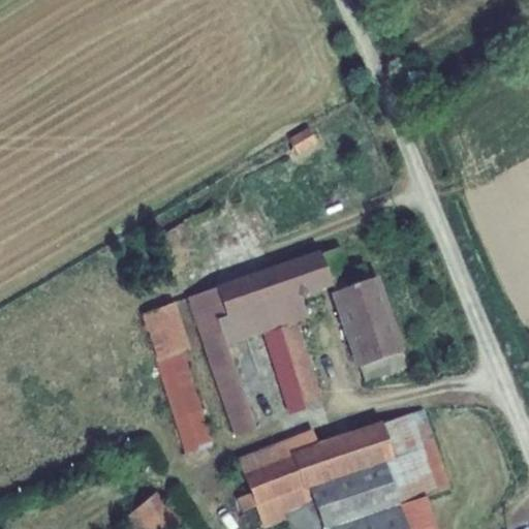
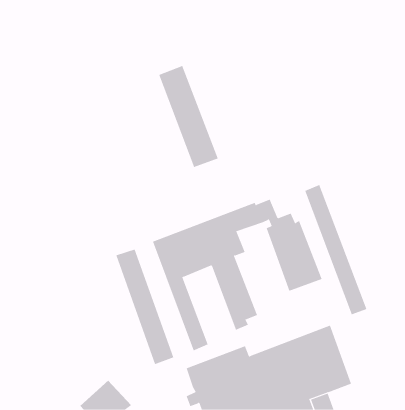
building: none -> [159,65,218,168]
building: none -> [304,184,367,315]

